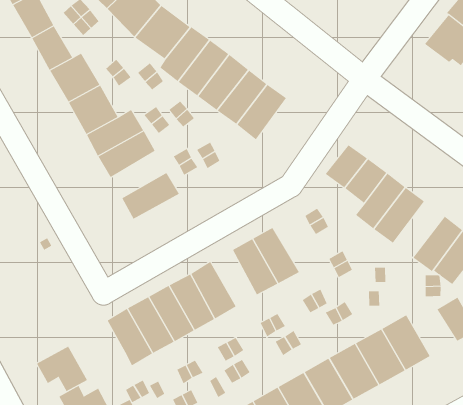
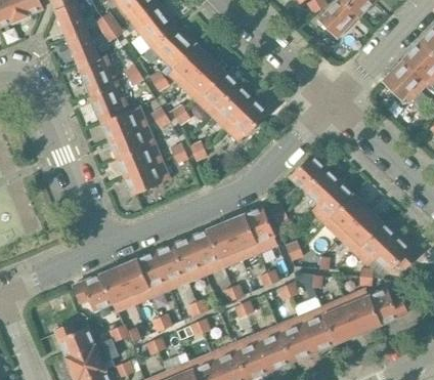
building: none -> [118,141,164,176]
building: none -> [339,208,383,252]
building: none -> [244,206,278,253]
building: none -> [190,228,224,275]
building: none -> [343,288,381,333]
building: [36,346,88,392] -> [74,273,114,310]

